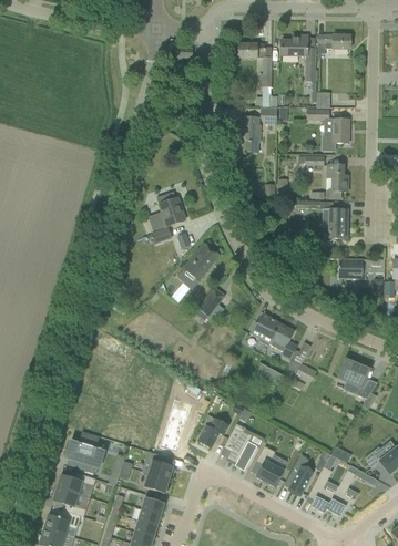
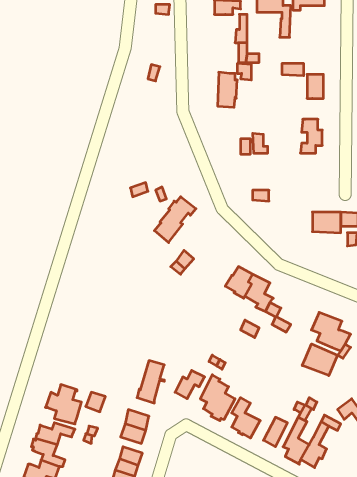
building: [160,197,185,226] -> none
building: [329,208,347,238] -> none
building: none -> [302,344,338,376]

